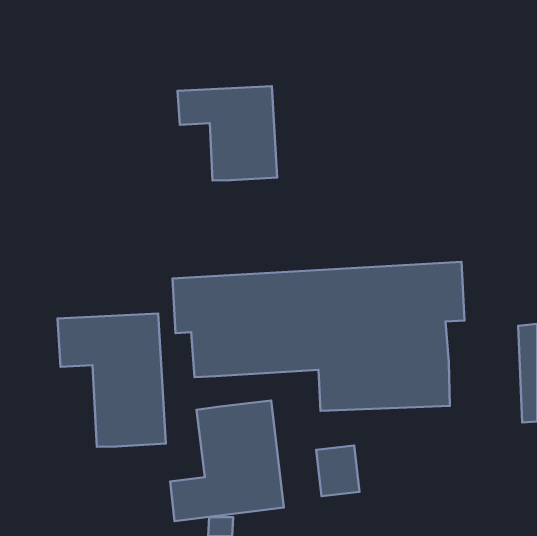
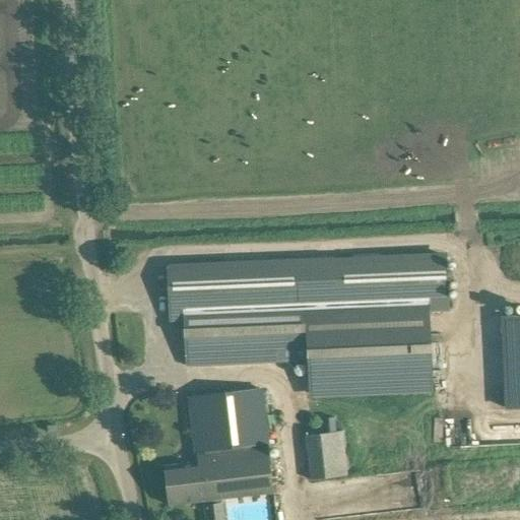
building: [177,86,277,181] -> none
building: [57,314,166,447] -> none

